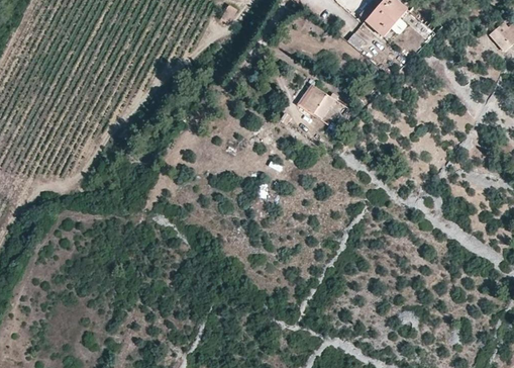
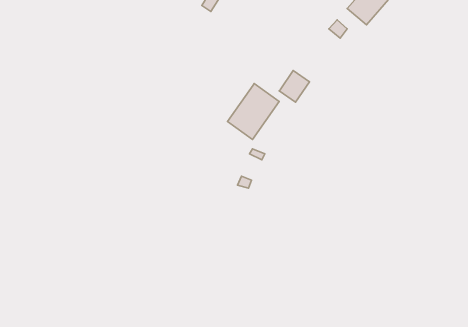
building: none -> [227,84,279,140]

